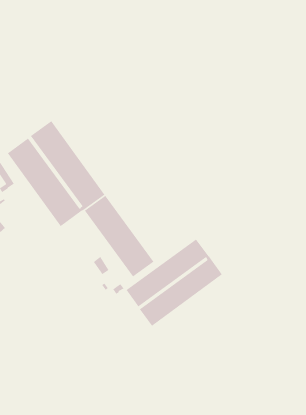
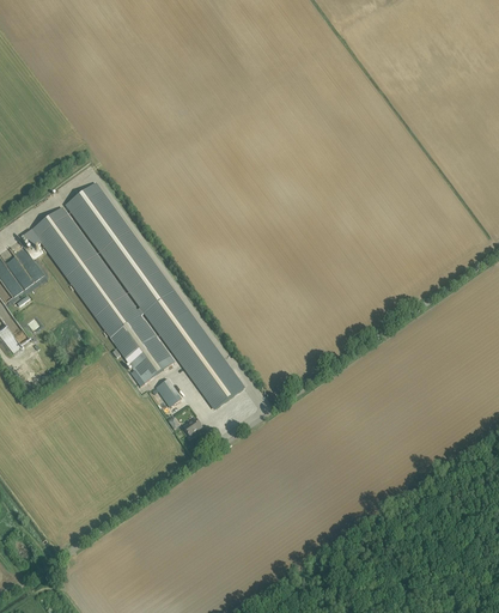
building: none -> [109,312,174,384]
building: [125,238,223,327] -> none

